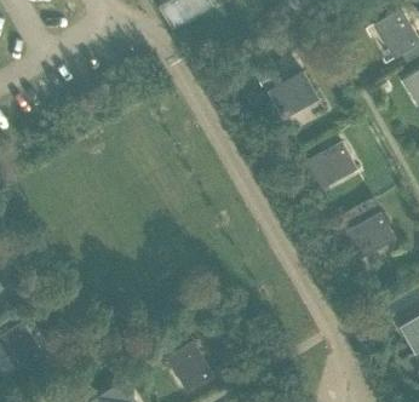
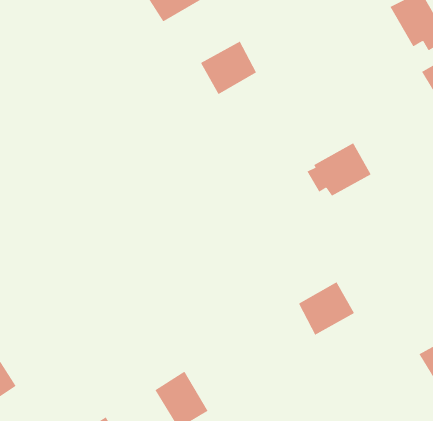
building: [266,71,316,119] -> [200,41,257,95]
building: [345,212,395,259] -> [298,281,355,335]

